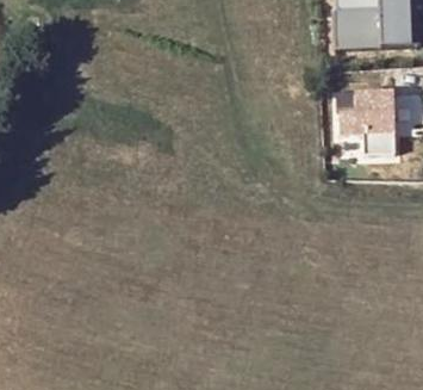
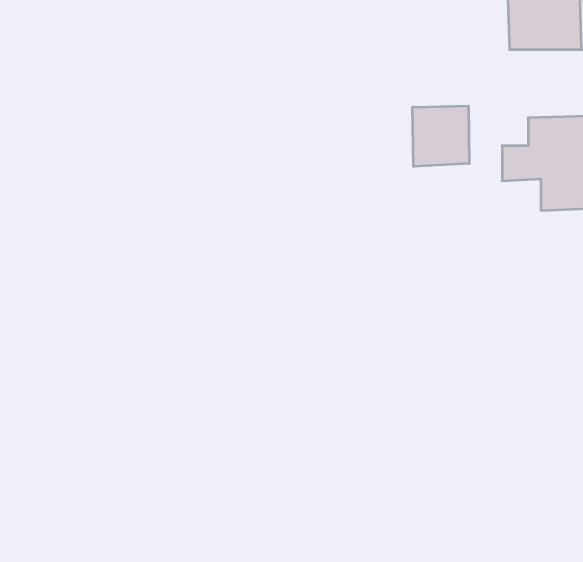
building: none -> [413,106,469,167]

